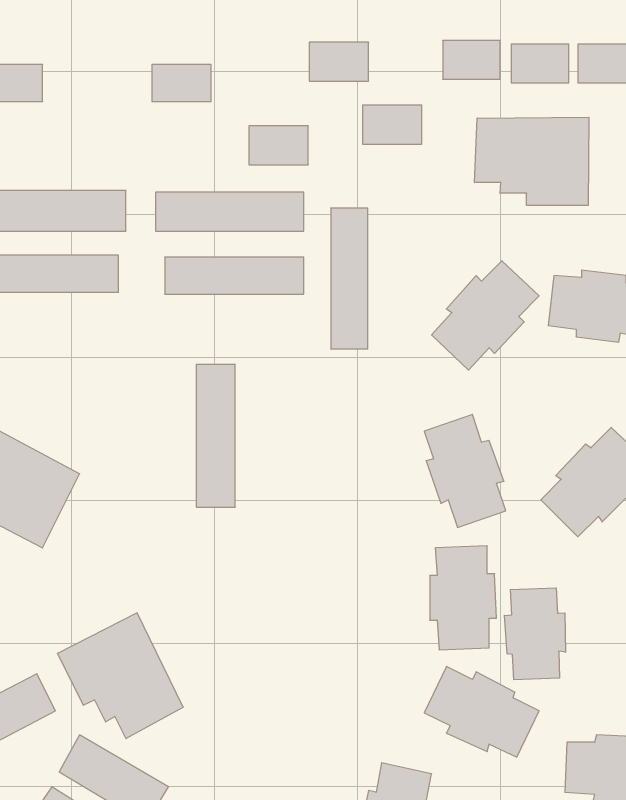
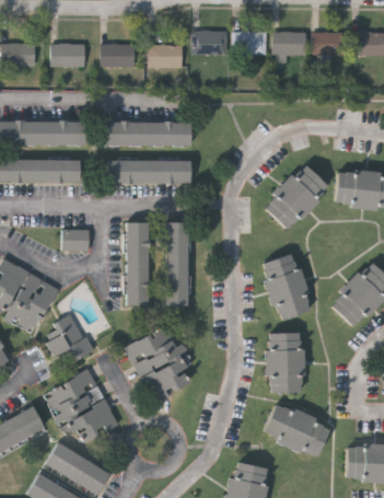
building: none -> [51,46,85,68]
building: [363,105,422,144] -> [233,33,268,56]
building: [475,117,589,205] -> none
building: [249,126,308,165] -> [149,46,184,69]
building: [331,208,368,349] -> [166,224,188,308]
building: none -> [62,231,90,252]
building: none -> [42,315,94,366]
building: none -> [127,328,194,404]
building: [504,588,565,680] -> none

